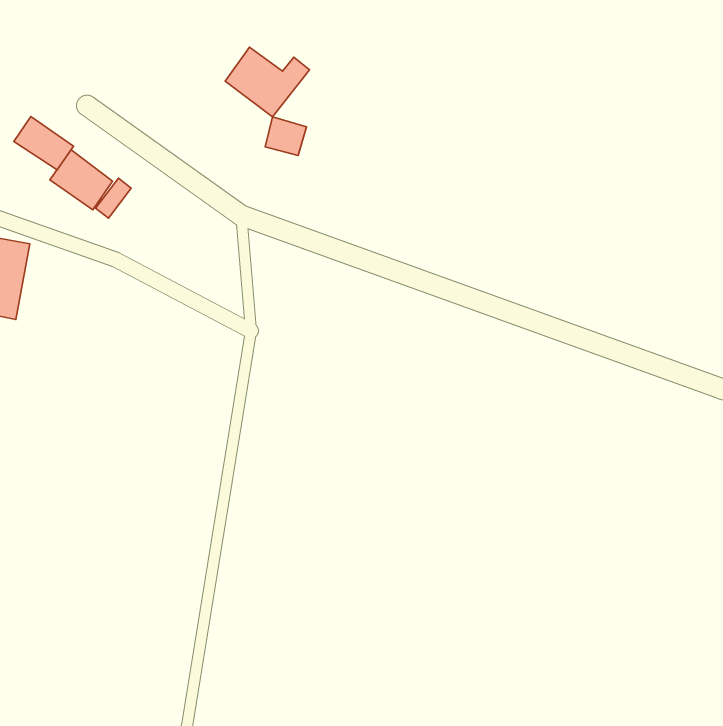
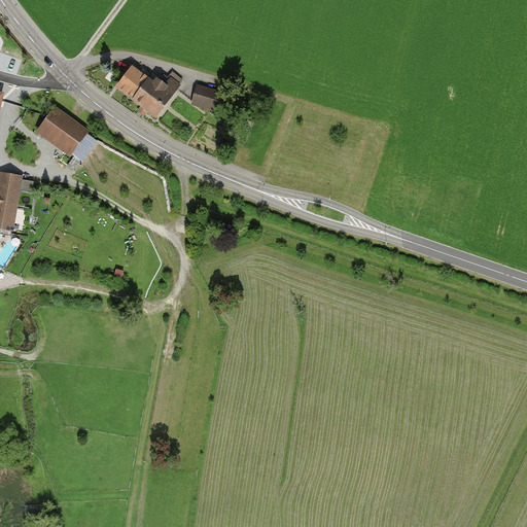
building: [225,47,309,117] -> [117,63,178,113]
building: [14,116,73,170] -> none

